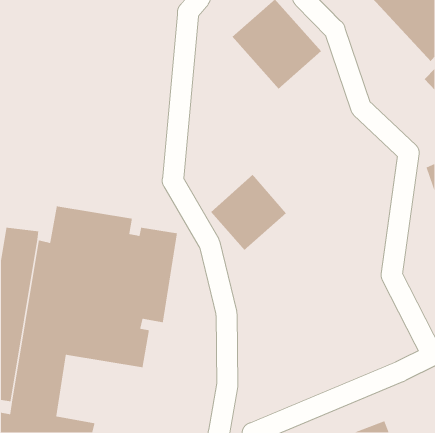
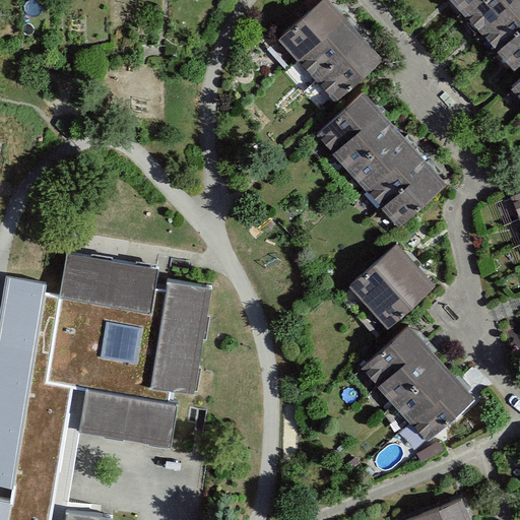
building: none -> [312,93,448,235]
building: [210,174,287,251] -> [345,241,437,332]
building: none -> [355,330,474,450]

